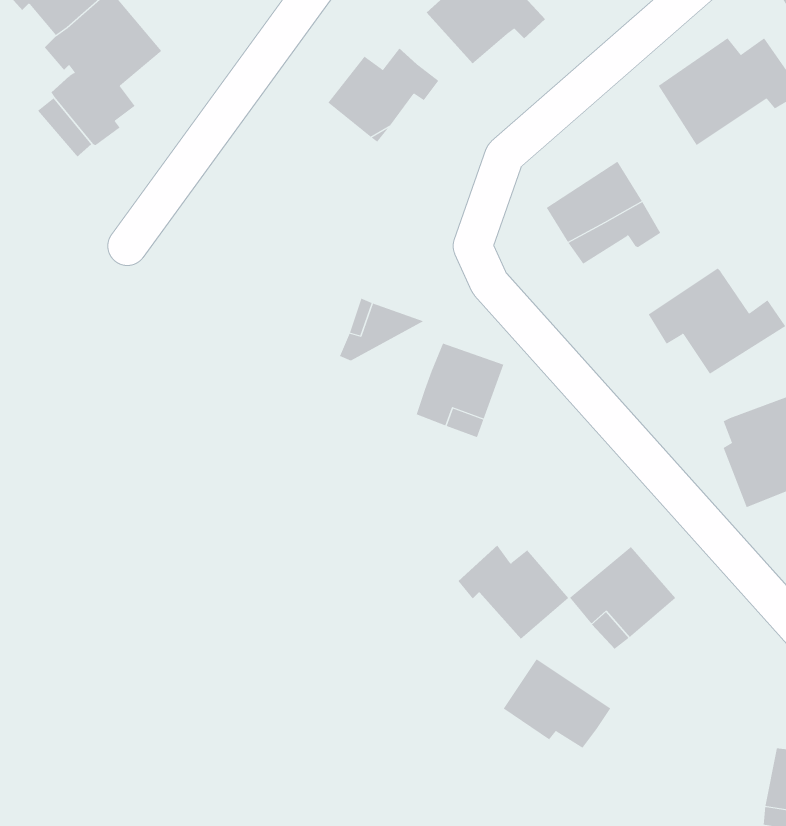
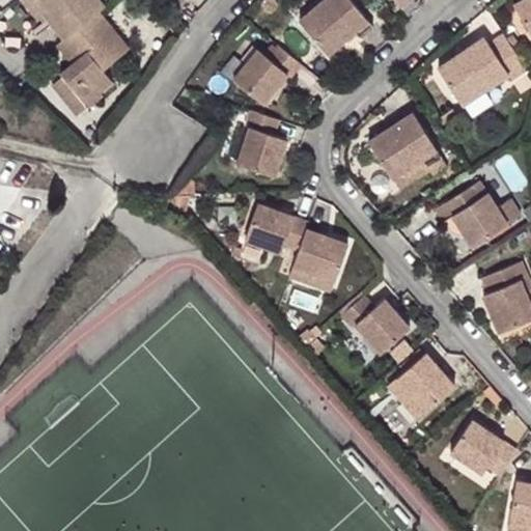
building: none -> [235,110,284,176]
building: none -> [250,215,309,247]
building: [458,545,569,640] -> [339,295,409,354]
building: [503,658,611,749] -> [447,419,514,475]

